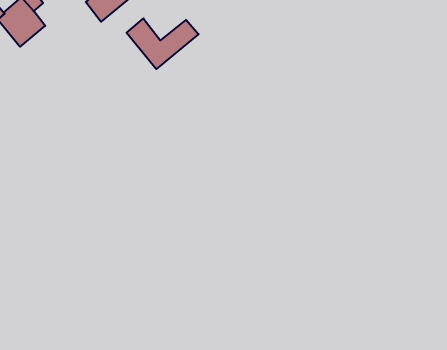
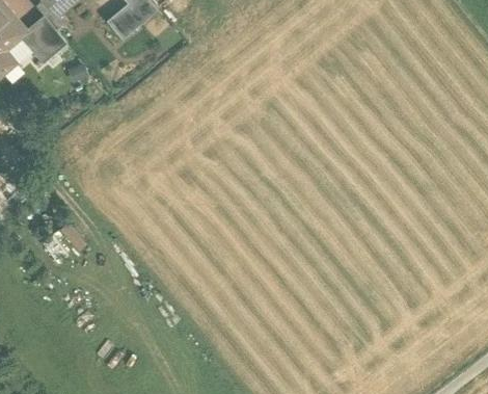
building: [127,18,199,69] -> none

